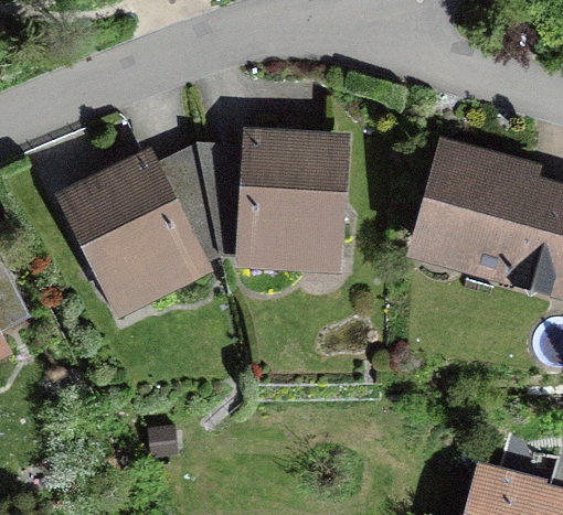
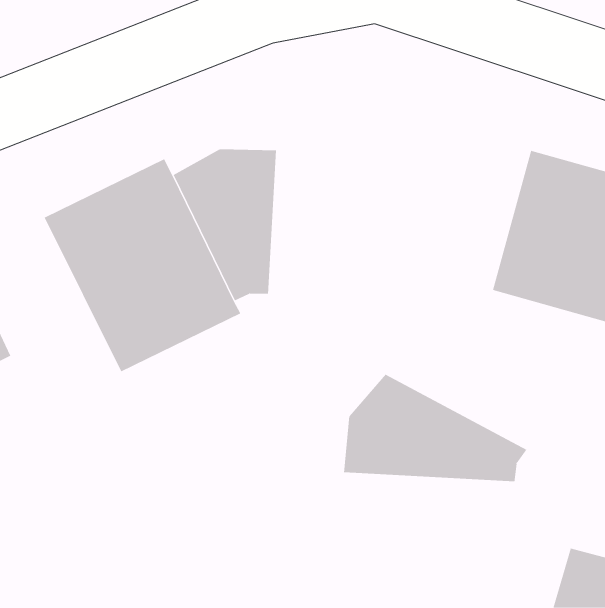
building: [235,127,349,275] -> none
building: none -> [344,374,527,482]

